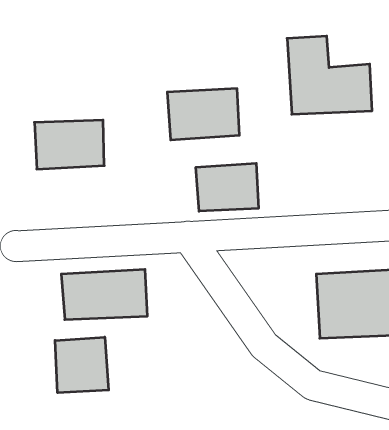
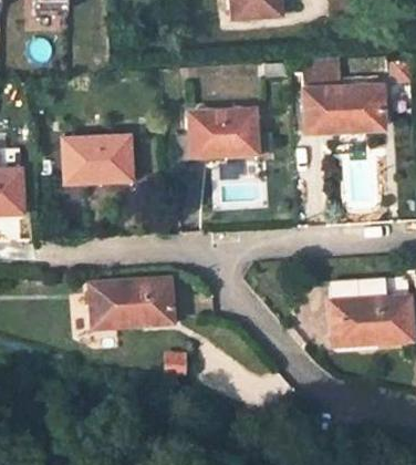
building: [196,163,258,211] -> none
building: [55,337,109,393] -> none

